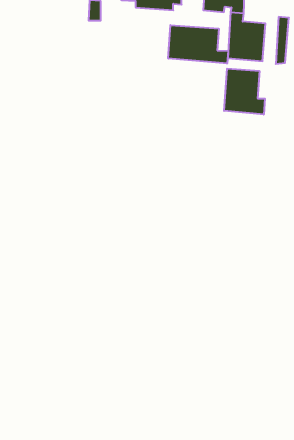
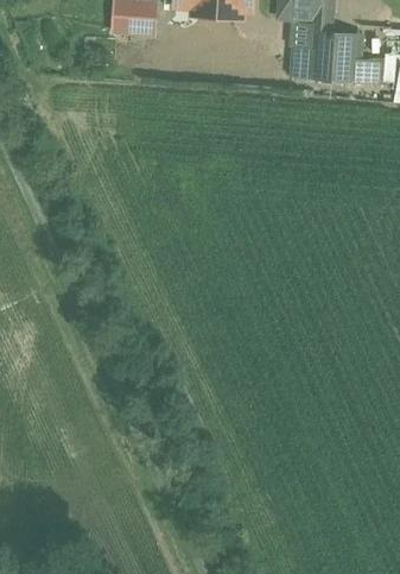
building: [168,25,228,64] -> none
building: [224,69,265,115] -> none

